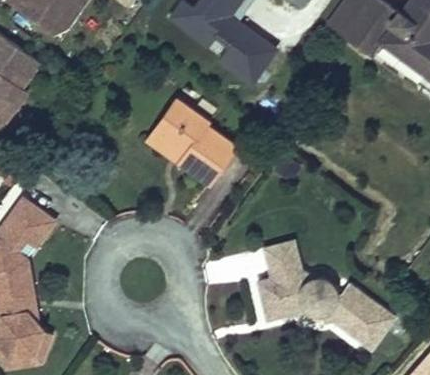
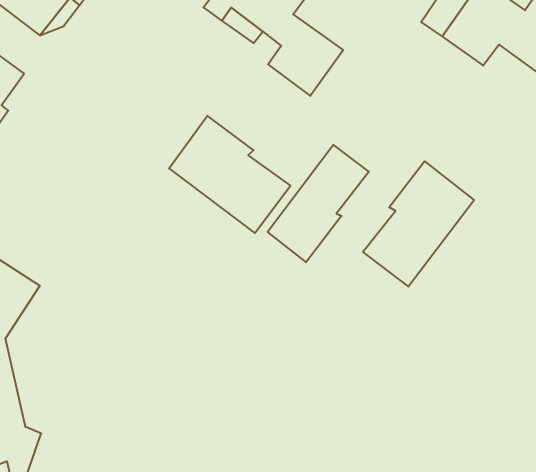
building: none -> [268,145,369,262]
building: none -> [363,161,474,287]
building: [257,242,393,350] -> none

